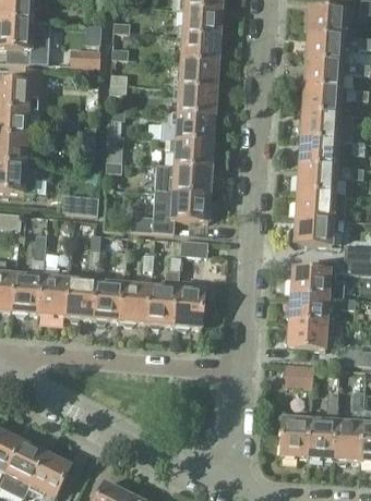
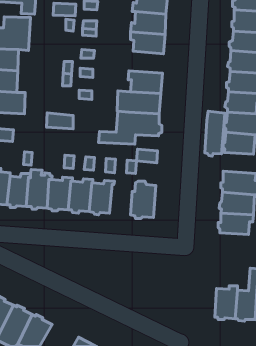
building: [160,112,215,140] -> none
building: none -> [205,111,225,156]
building: [145,281,179,326] -> none
building: [284,364,314,387] -> none

